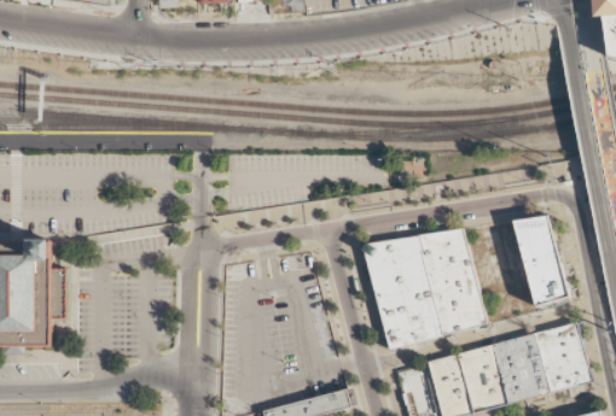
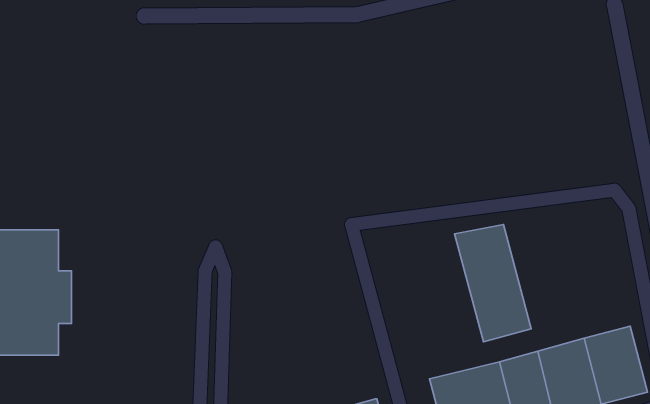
building: [507,215,570,307] -> none
building: [361,236,443,350] -> none

